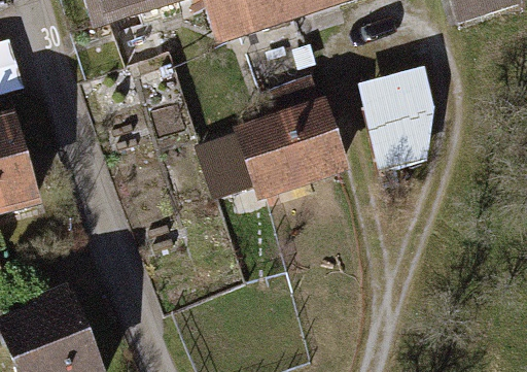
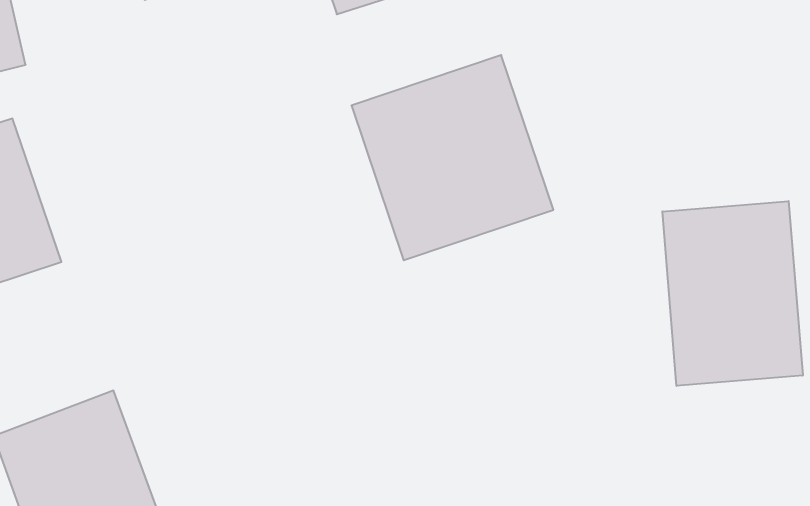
building: [362,60,432,156] -> none
building: none -> [662,201,803,386]

